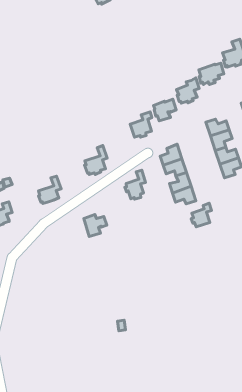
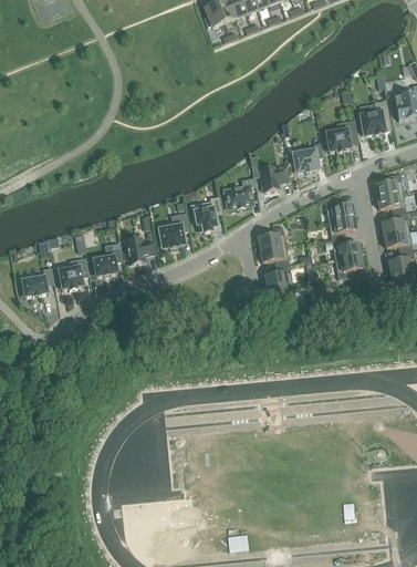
building: [125,170,145,199] -> [192,197,220,234]
building: none -> [58,257,88,289]
building: [191,203,211,227] -> none
building: [84,214,107,236] -> [125,238,154,266]

